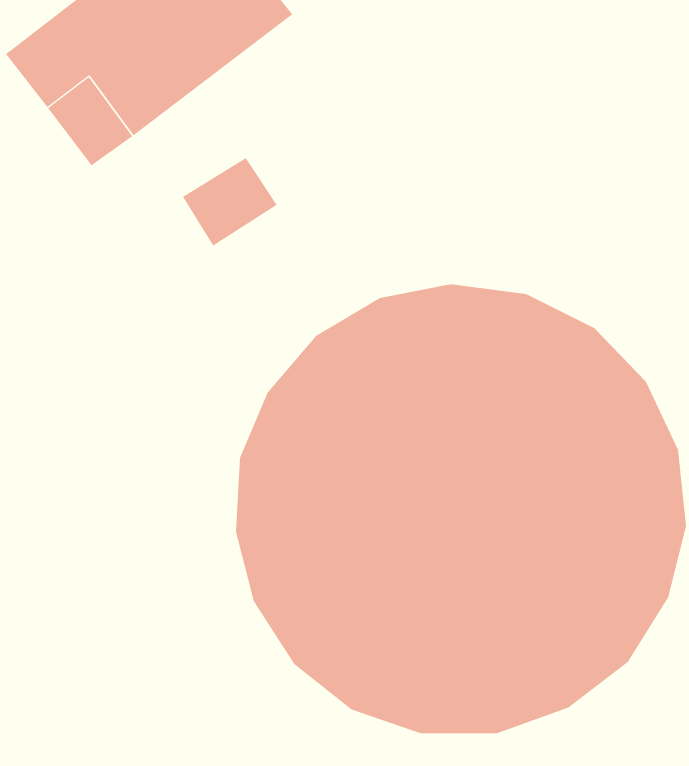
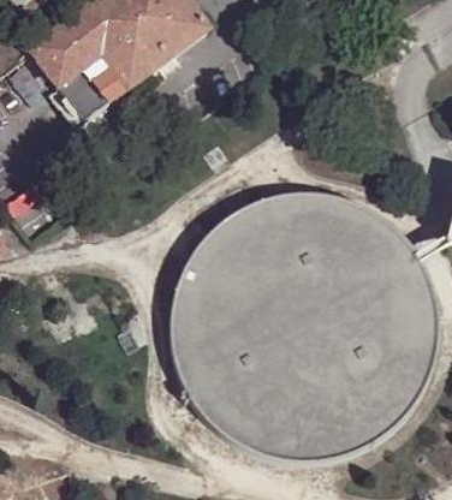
building: [182,157,278,247] -> none

